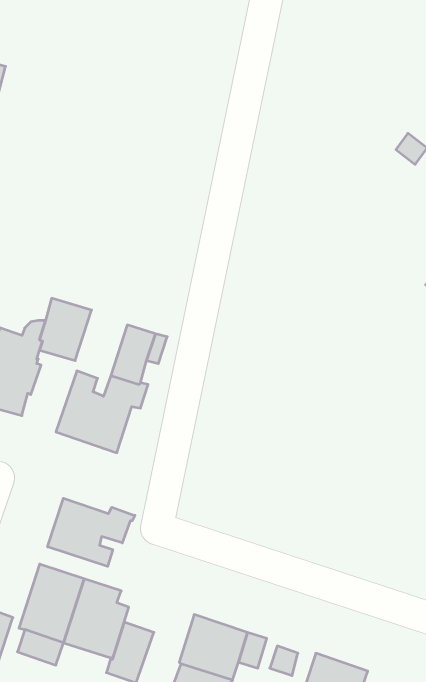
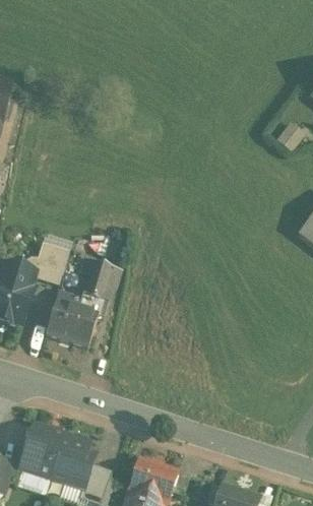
building: [48,498,135,566] -> none

